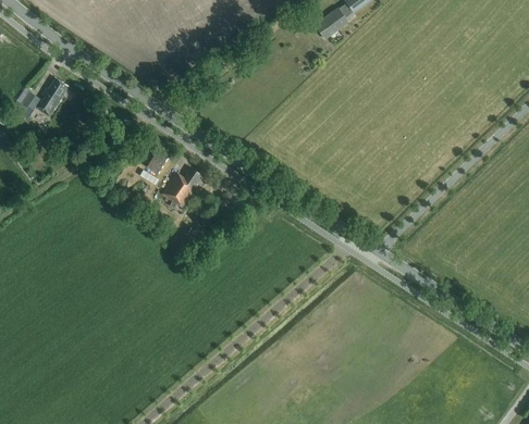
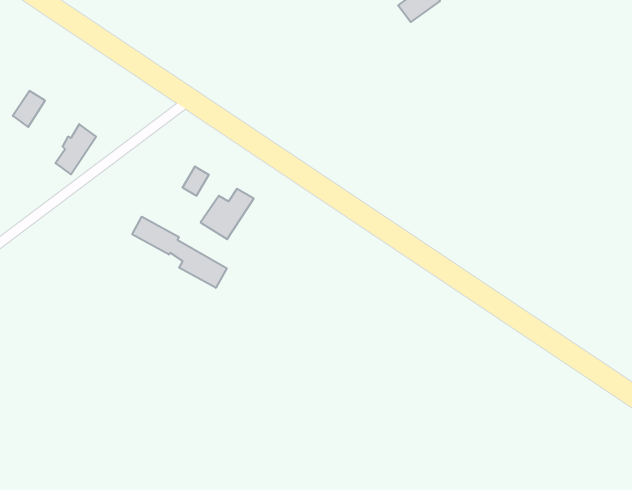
building: [37,77,69,116] -> [55,124,96,174]
building: none -> [132,217,227,288]

